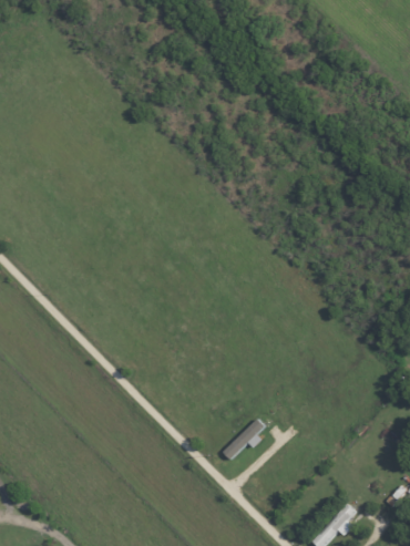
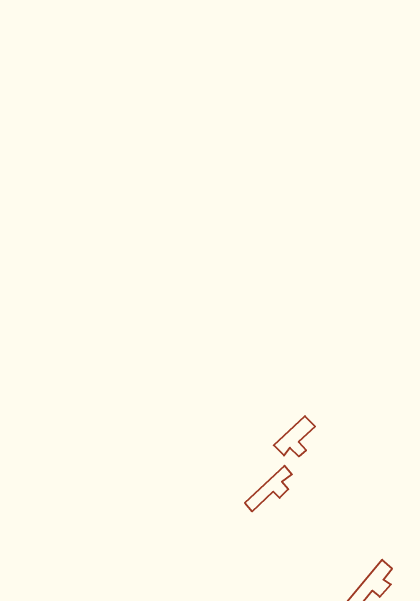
building: none -> [274,416,315,456]

